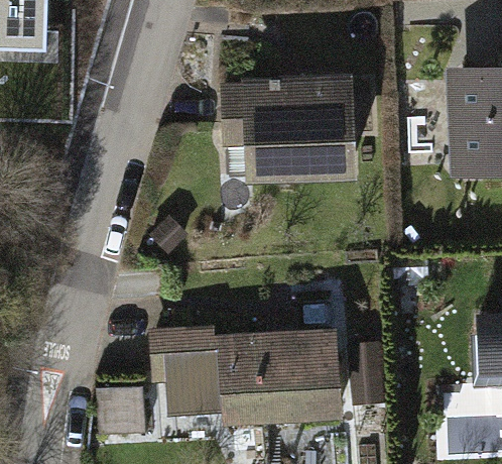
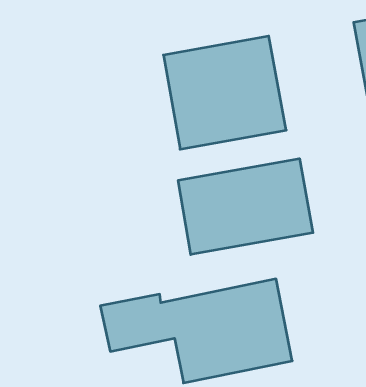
building: none -> [178,159,313,255]

